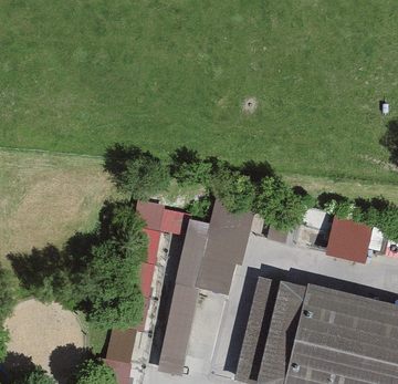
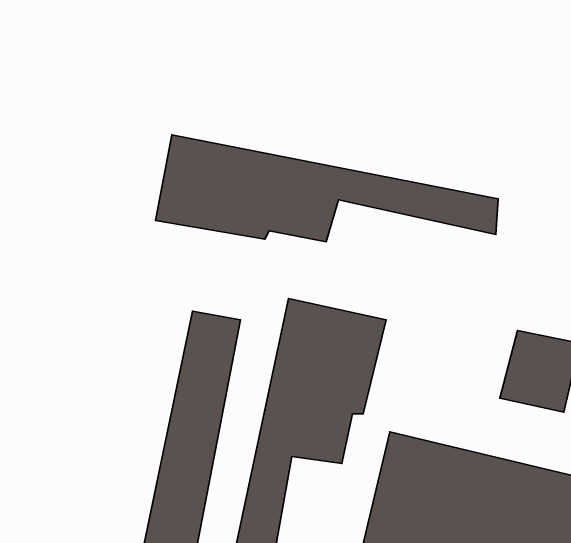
building: none -> [156,135,498,242]

